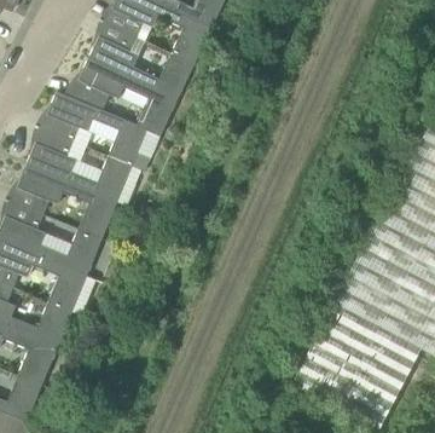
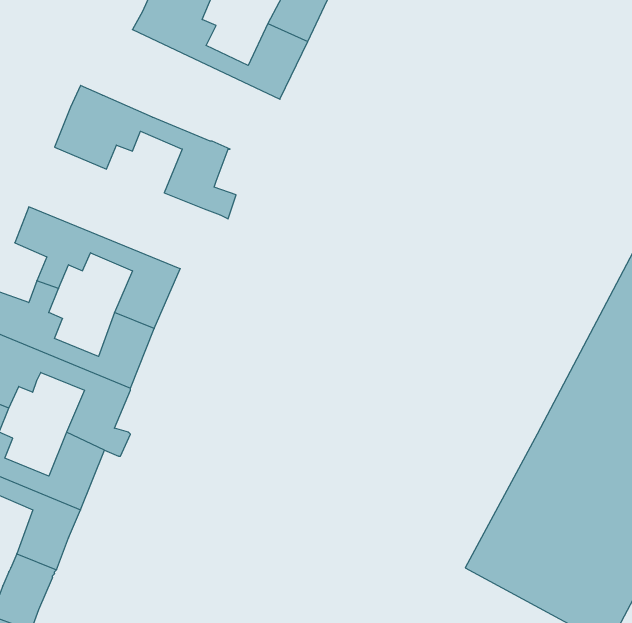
building: [70,56,178,134] -> none
building: [25,127,141,201] -> none

